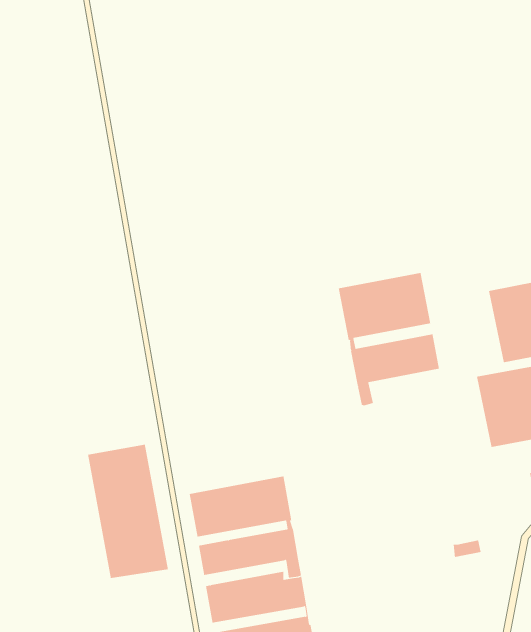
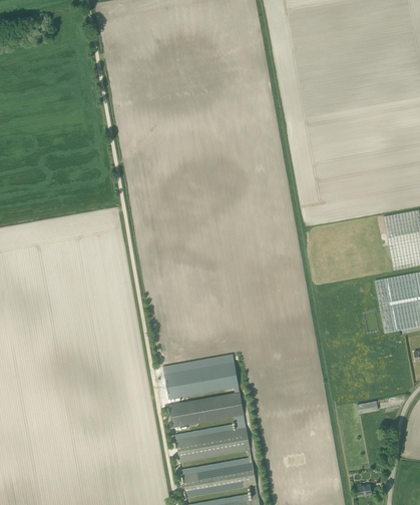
building: [338,272,440,406] -> none
building: [88,444,168,579] -> none

